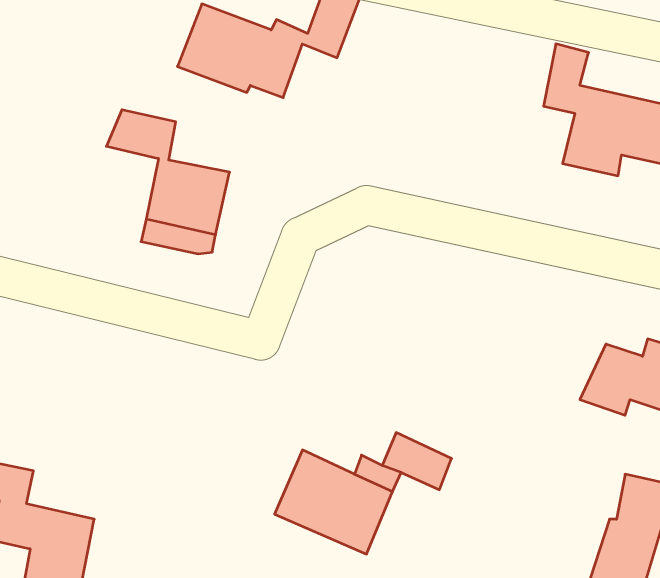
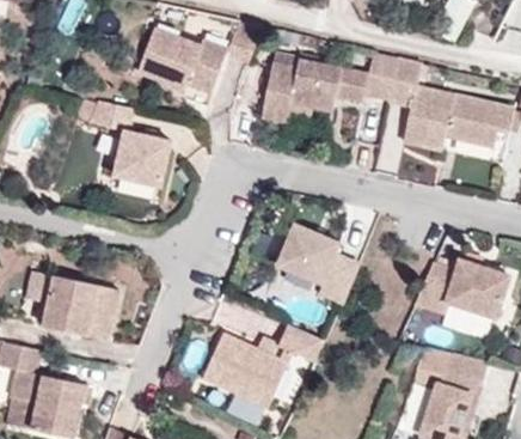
building: none -> [262,50,397,121]
building: none -> [278,224,357,300]
building: none -> [42,274,116,340]

